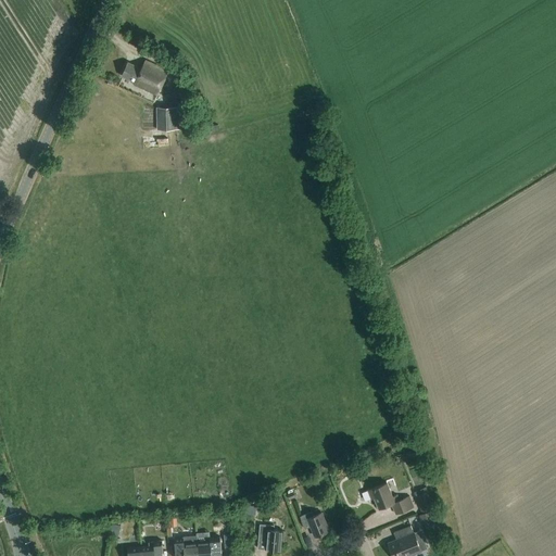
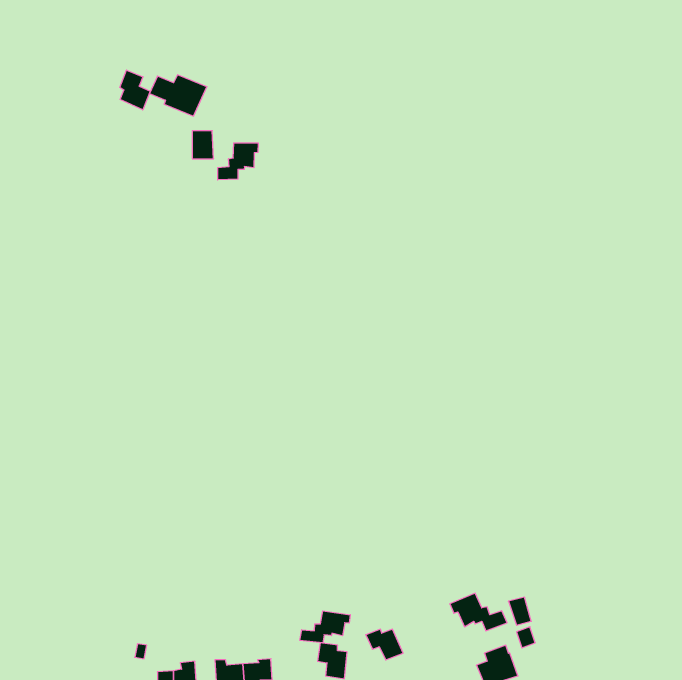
building: none -> [120,70,150,110]
building: none -> [218,143,258,180]
building: none -> [300,611,350,643]

